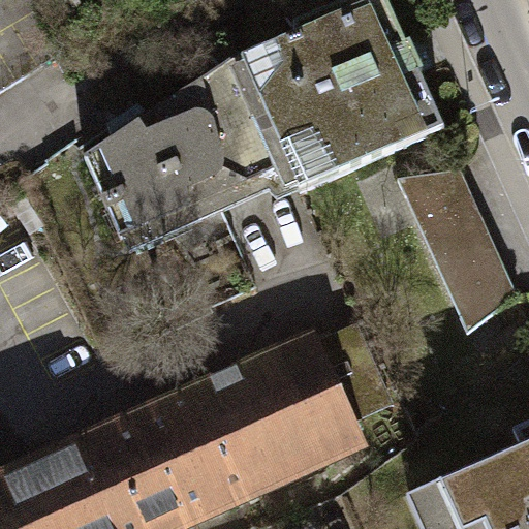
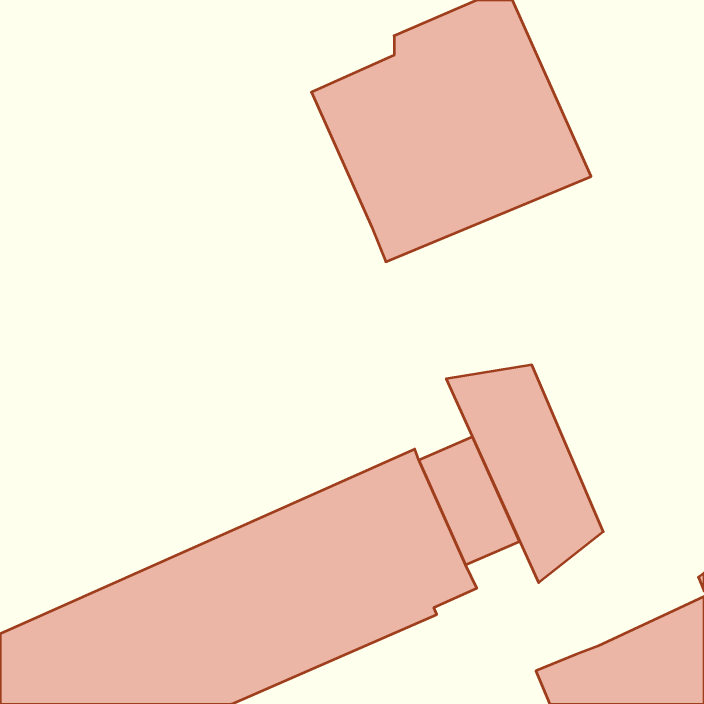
building: [75,60,279,247] -> none
building: [397,170,515,334] -> [446,365,603,583]

